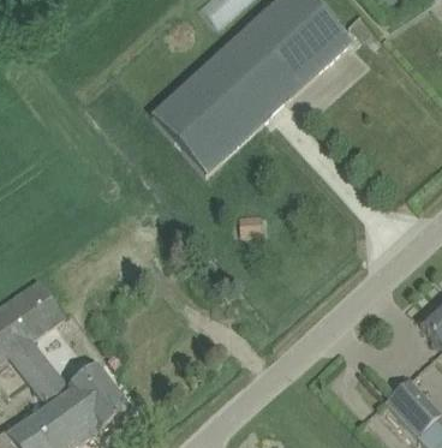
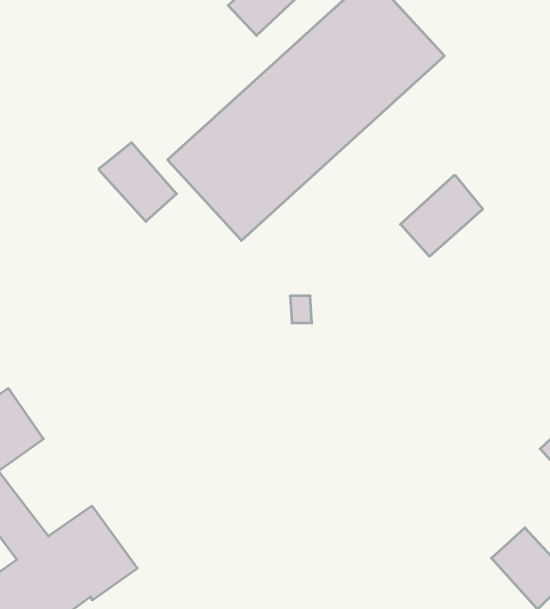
building: none -> [99,143,177,222]
building: none -> [400,175,483,256]

